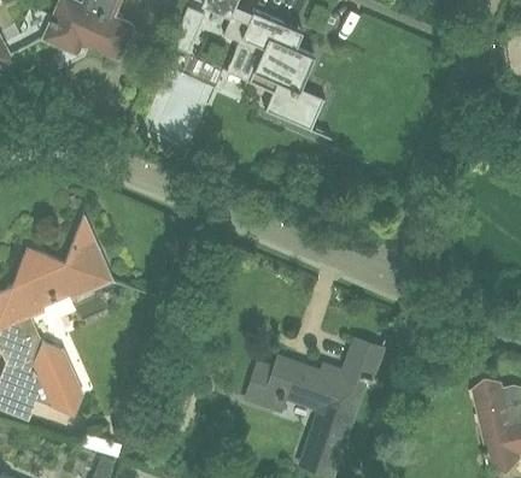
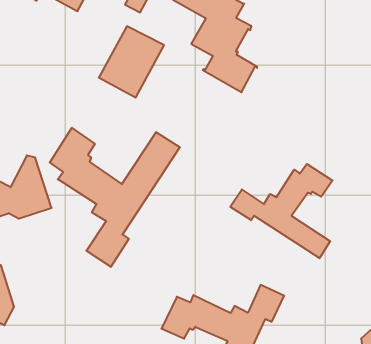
building: none -> [50,128,180,267]
building: none -> [230,164,333,258]

